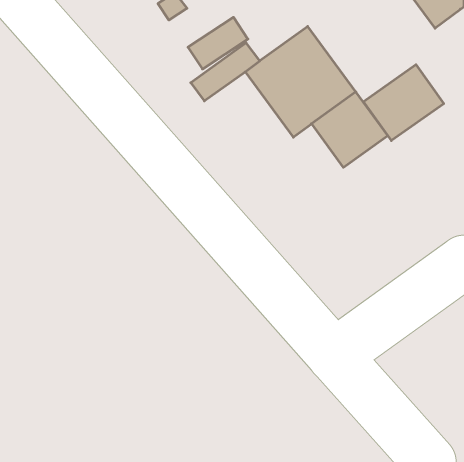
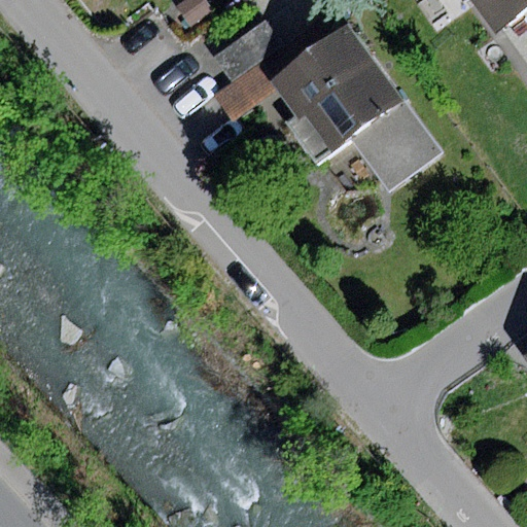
building: [363,65,444,141] -> none

